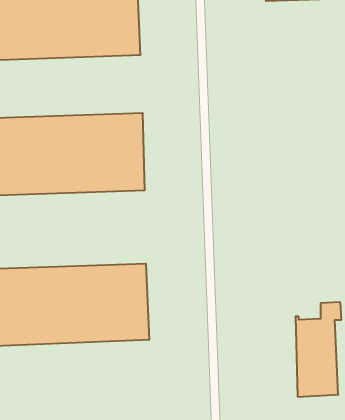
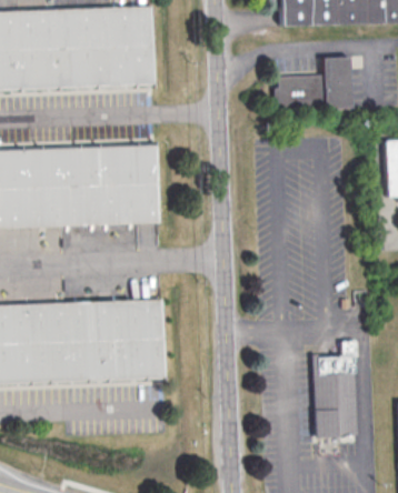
building: none -> [275,57,352,112]

